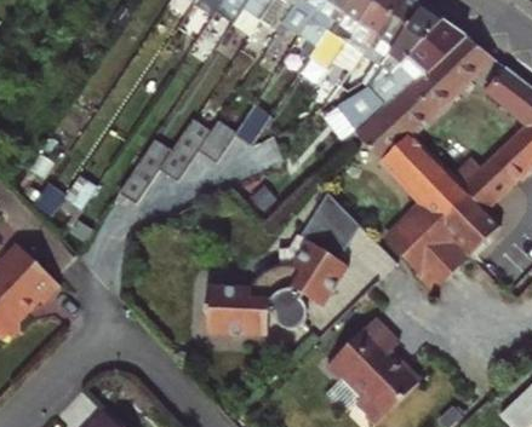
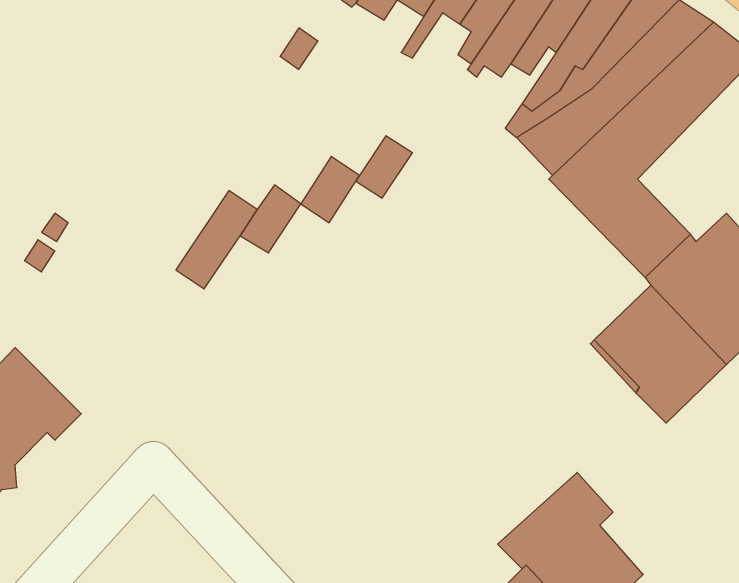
building: [202,194,362,333] -> none

